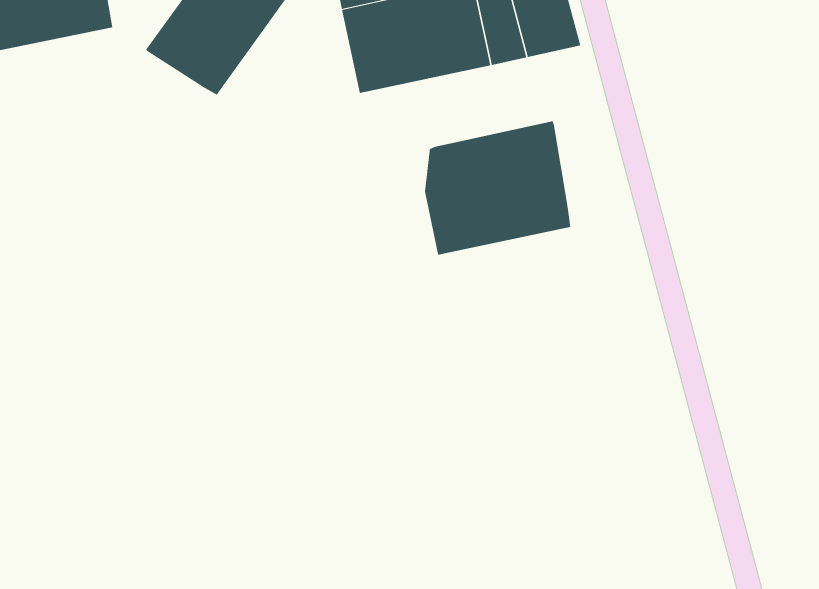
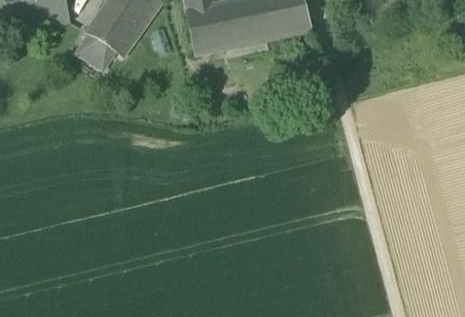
building: none -> [73,32,116,71]
building: [424,120,571,256] -> none

